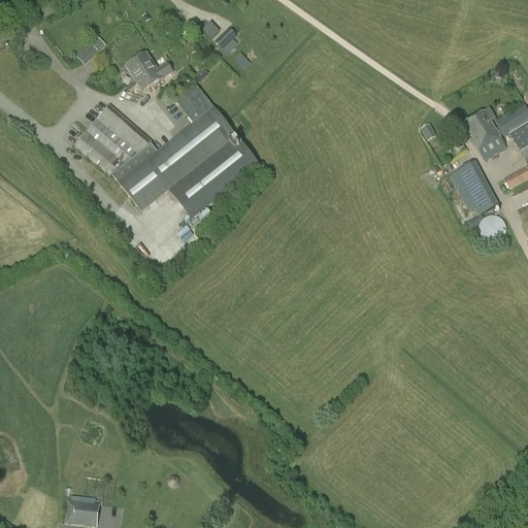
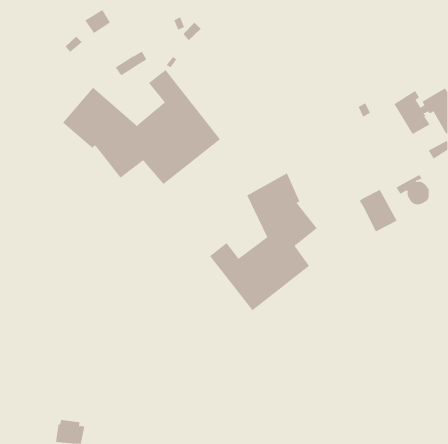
building: [125,51,156,79] -> [85,9,111,34]
building: [450,160,495,210] -> [359,189,398,232]
building: none -> [209,172,318,311]

